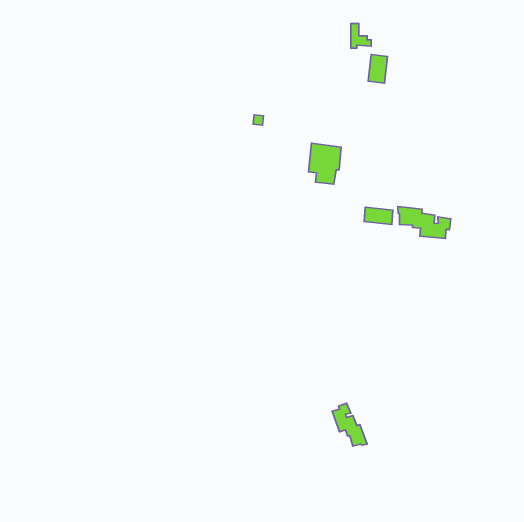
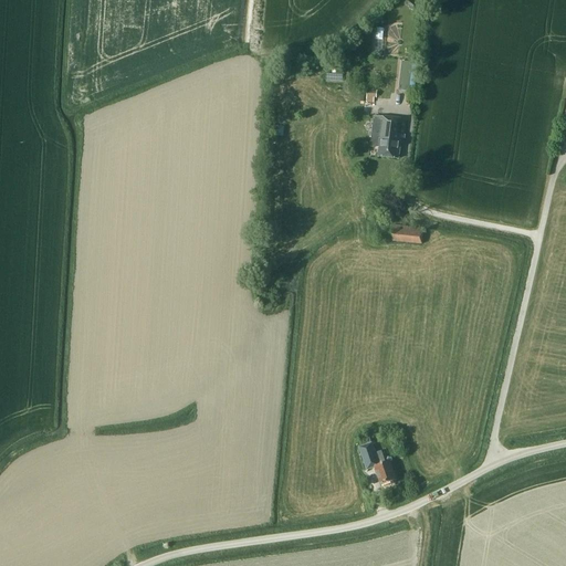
building: [308,143,341,184] -> [370,114,406,158]
building: [398,207,451,239] -> none

